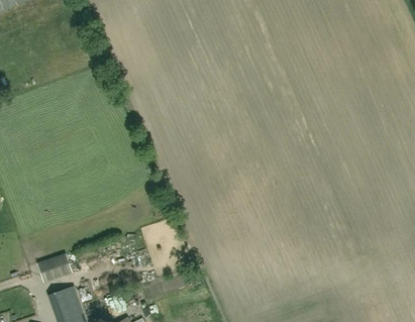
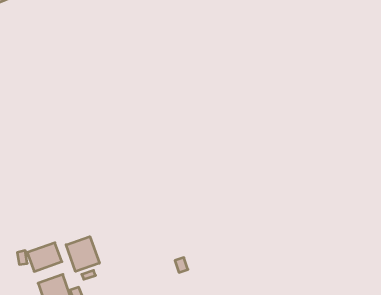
building: none -> [66,237,99,271]

